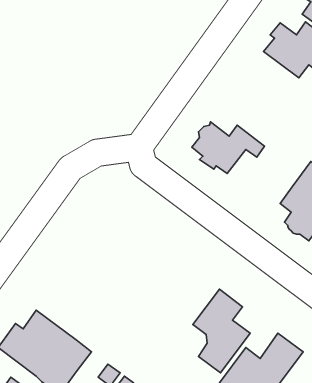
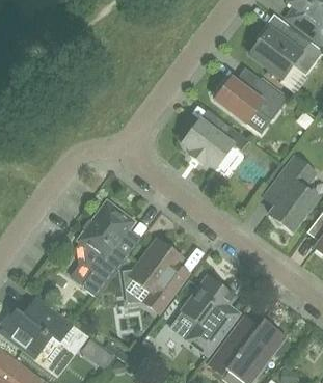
building: none -> [215,77,288,133]
building: none -> [71,200,134,297]
building: none -> [130,239,188,311]

